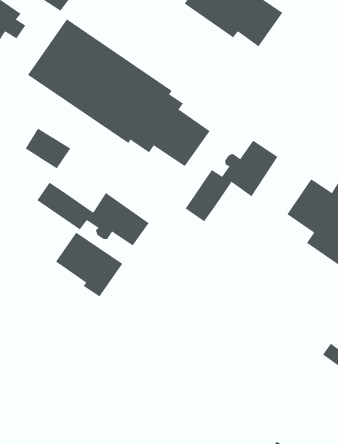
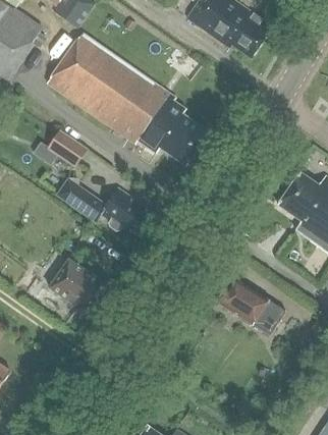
building: [185,140,278,222] -> none
building: [55,232,123,297] -> [51,259,111,317]
building: none -> [218,277,285,334]

